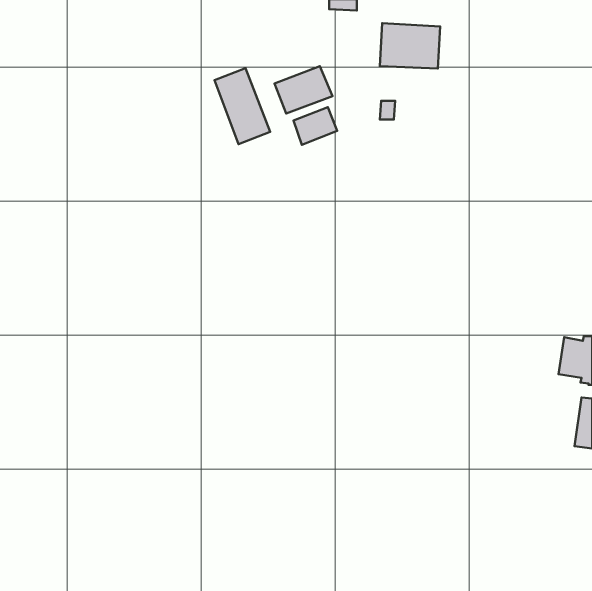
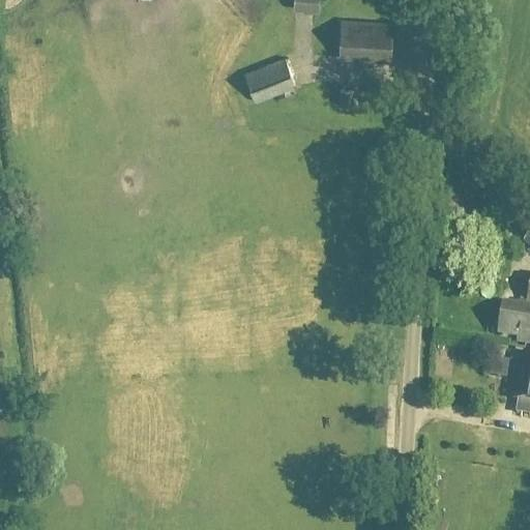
building: [214,68,270,144] -> none
building: [293,107,337,145] -> none

